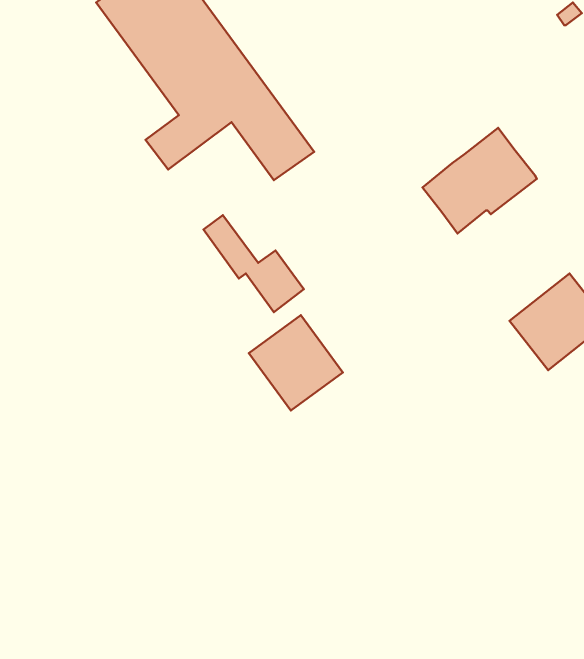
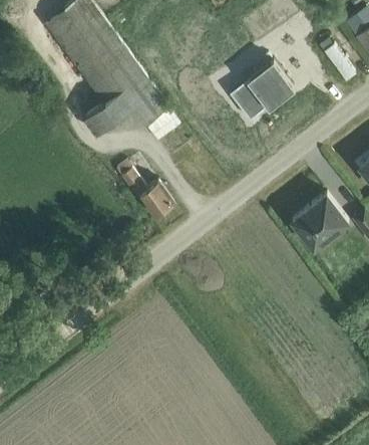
building: [422,128,537,233] -> [230,60,295,121]
building: [249,315,343,410] -> none

